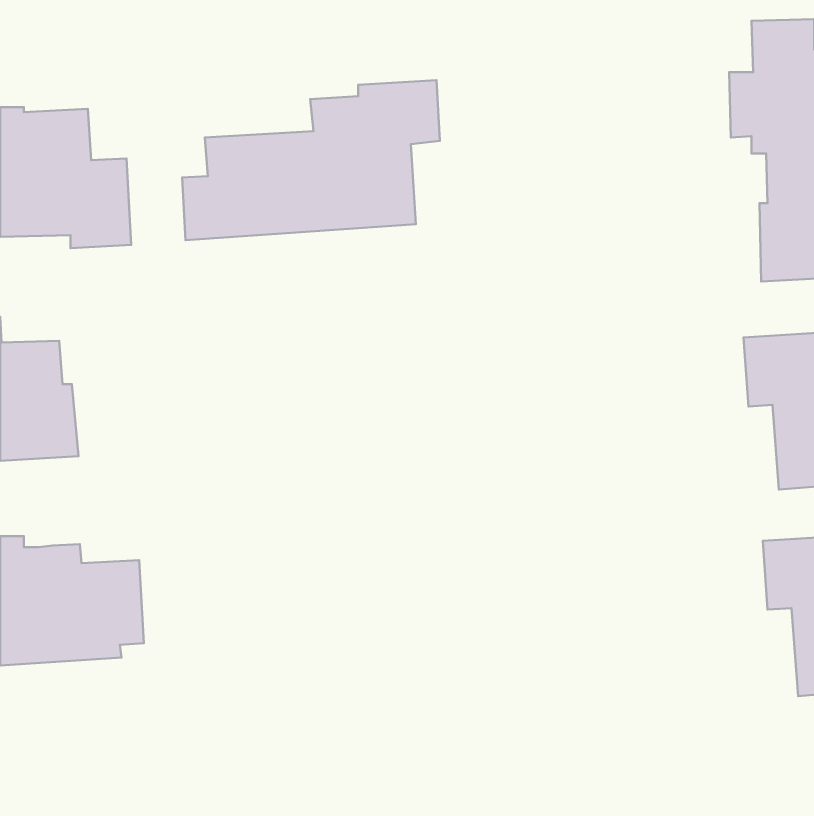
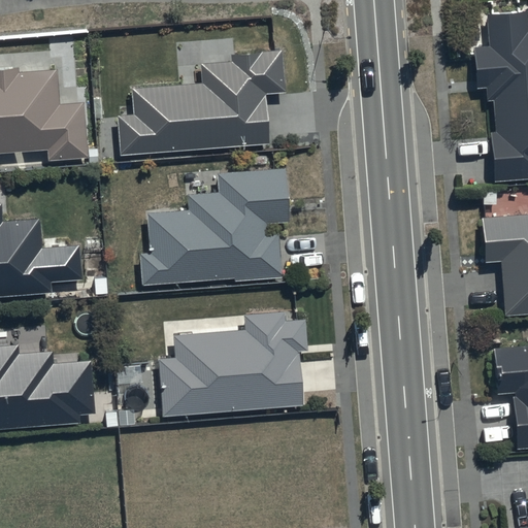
building: none -> [140,169,289,285]
building: none -> [159,312,307,416]

